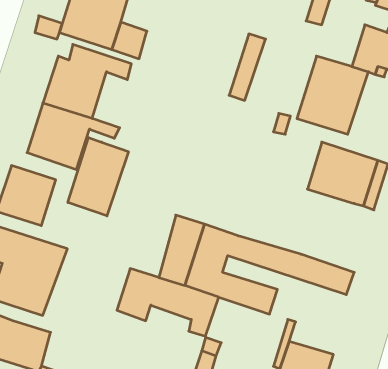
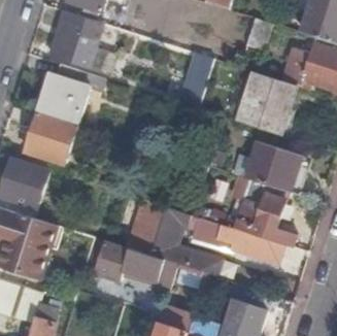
building: [68,138,128,216] -> none
building: none -> [232,175,294,246]

